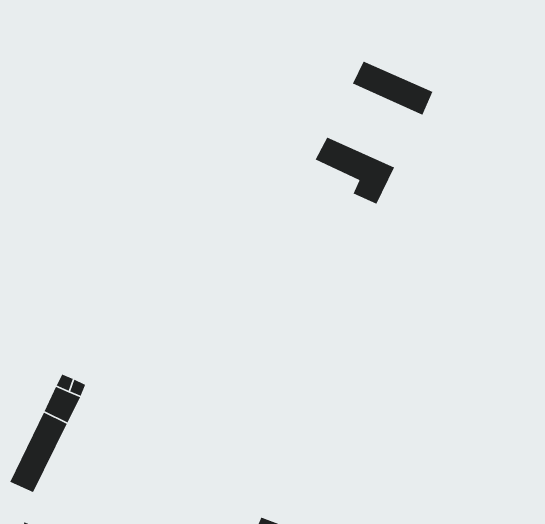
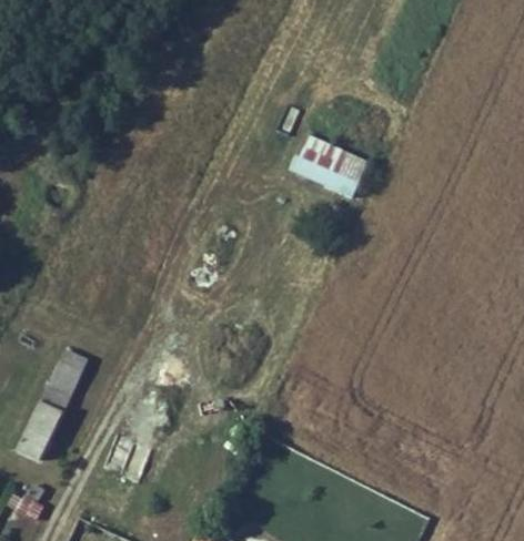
building: [352,60,433,116] -> none

